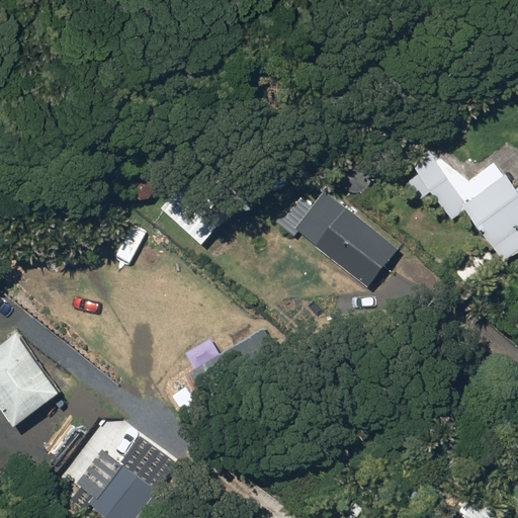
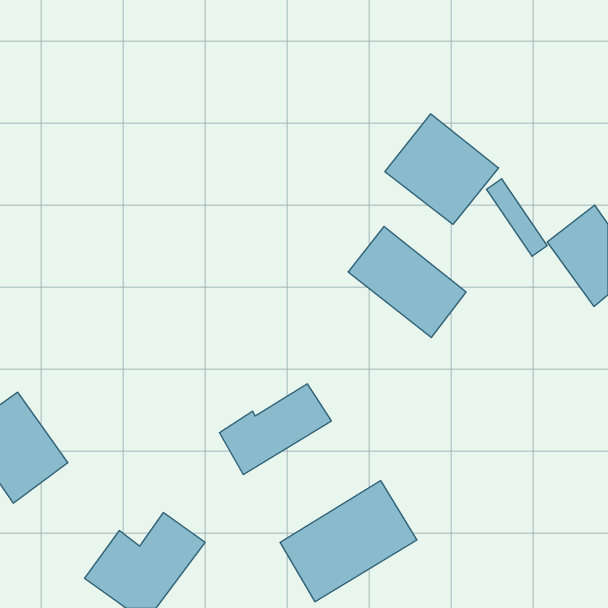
building: none -> [385,114,499,224]
building: none -> [280,481,417,602]

